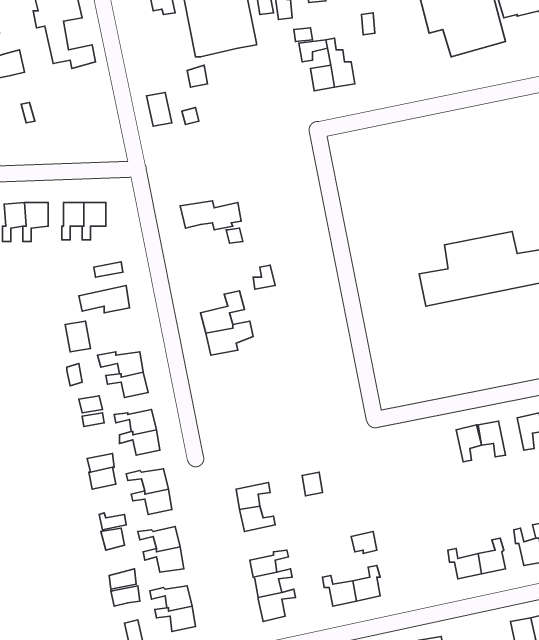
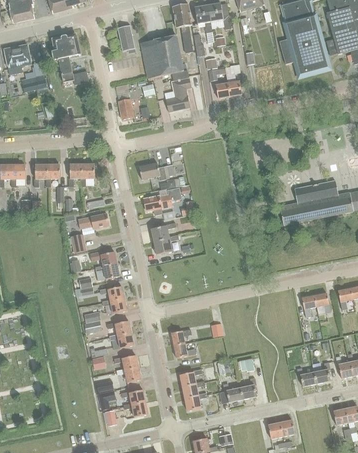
building: none -> [165,69,191,110]
building: none -> [143,187,180,210]

